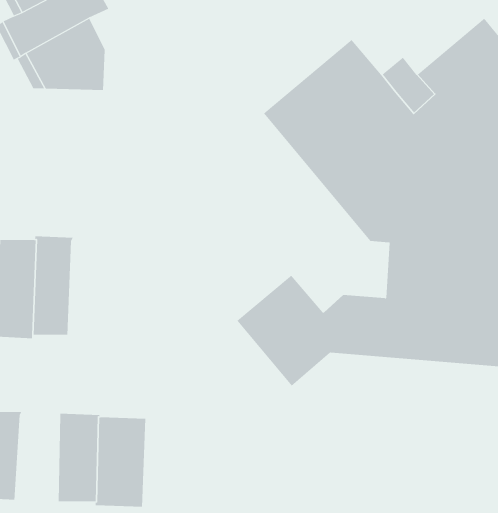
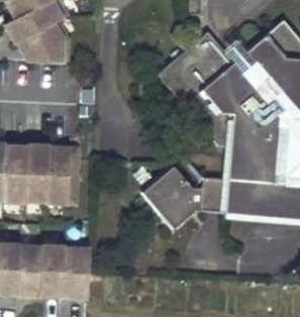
building: none -> [44,147,76,204]
building: none -> [15,246,40,297]

